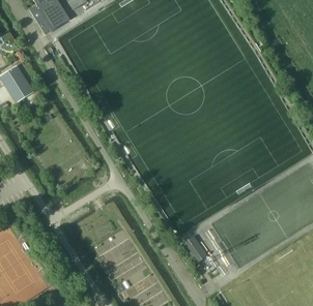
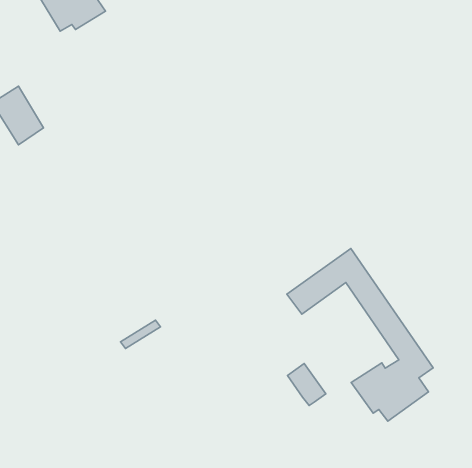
building: none -> [287,248,433,421]

